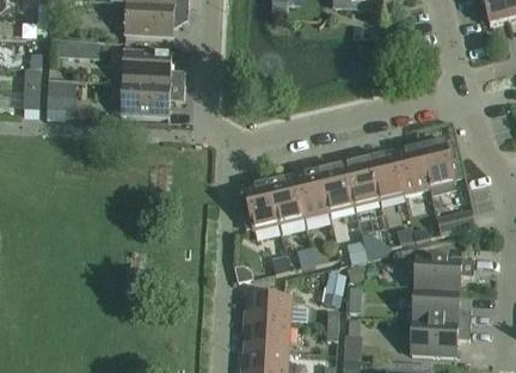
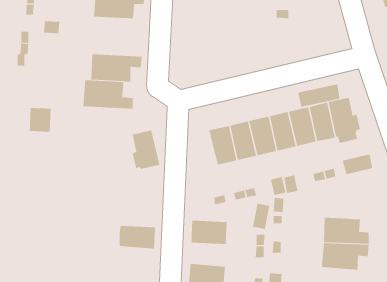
building: [119,49,184,86] -> [83,80,134,109]
building: [47,81,75,112] -> [29,107,52,132]
building: none -> [298,83,340,108]
building: [242,179,278,230] -> [132,130,160,170]
building: [413,256,474,292] -> none
building: [244,322,290,351] -> [119,225,156,249]

